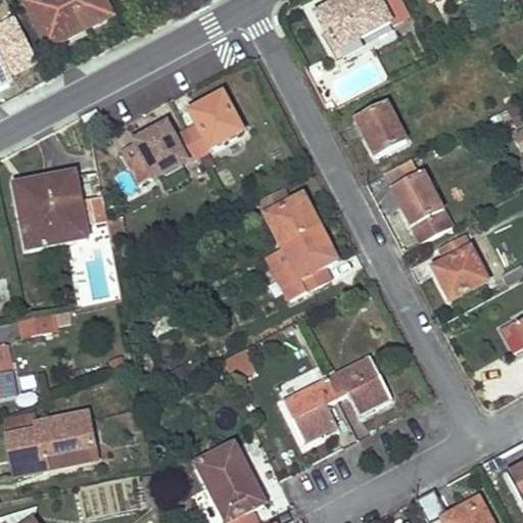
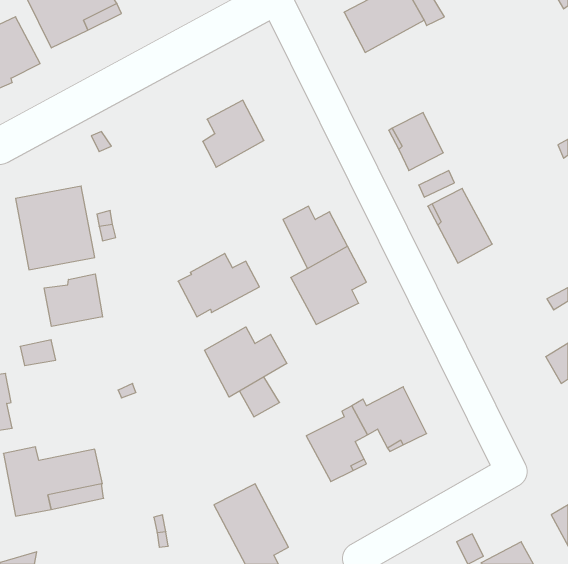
building: [124,123,198,181] -> [178,253,259,317]
building: [433,236,486,298] -> none
building: none -> [44,274,103,326]
building: none -> [205,327,287,397]

